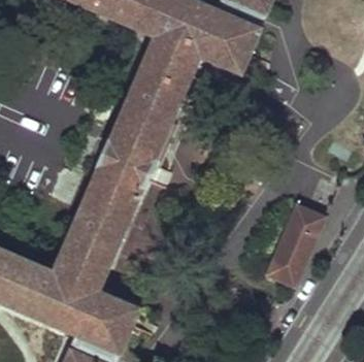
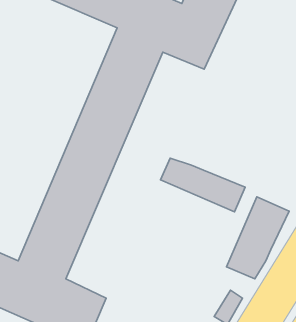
building: none -> [161,158,245,212]

